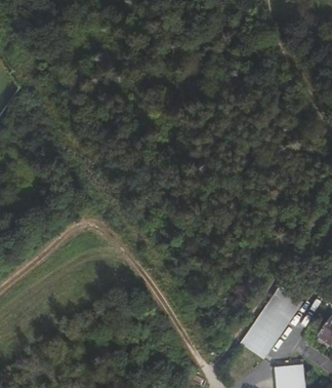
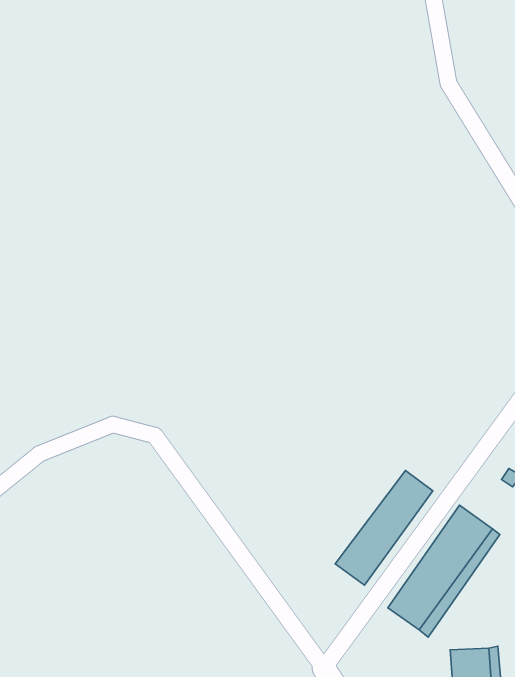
building: none -> [335,471,433,585]

